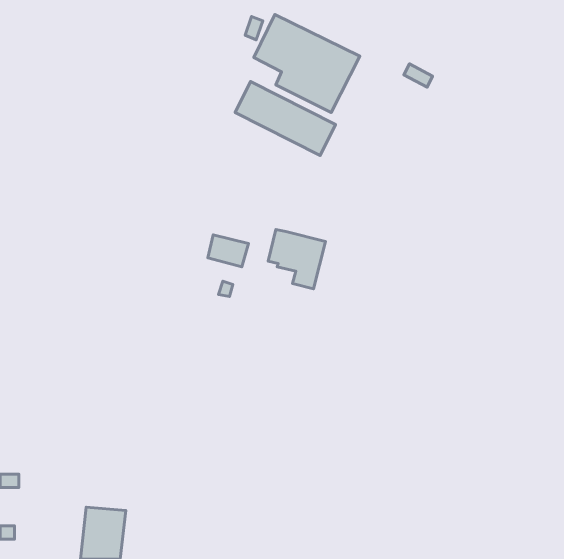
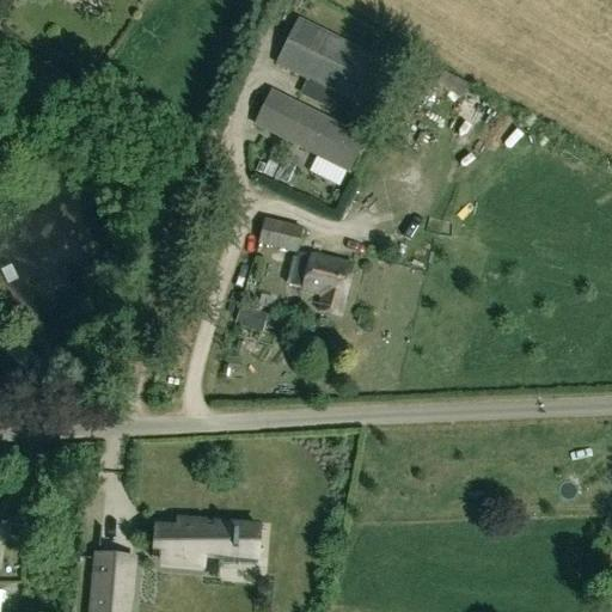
building: [208,235,249,267] -> [258,215,302,250]
building: none -> [151,513,263,567]

